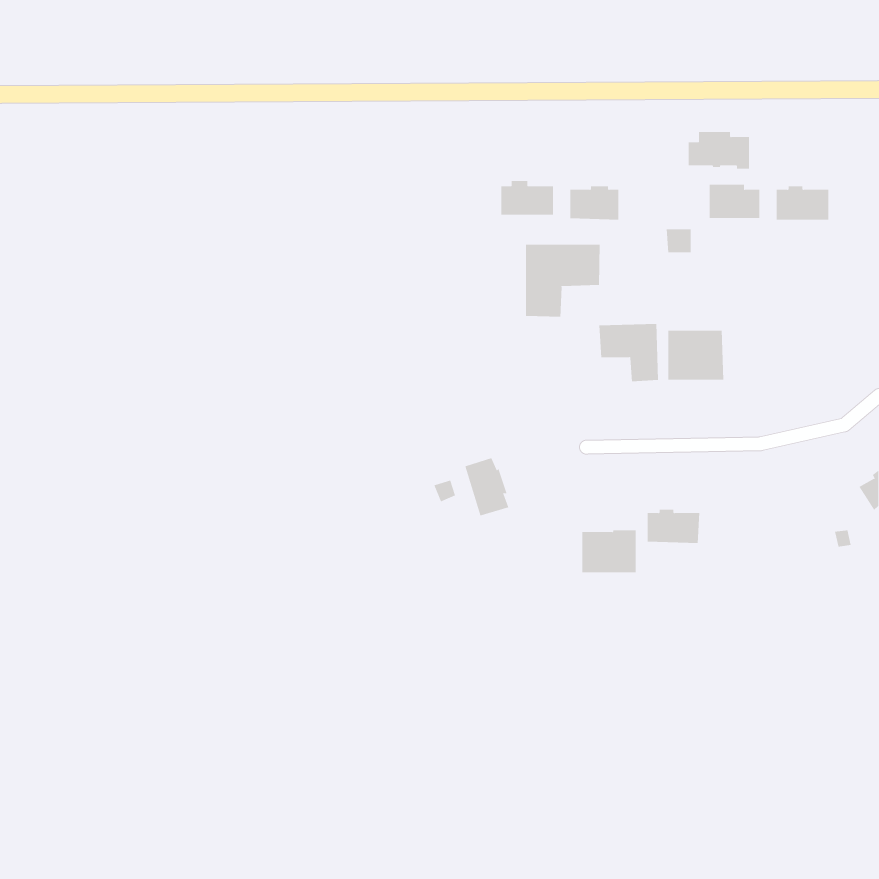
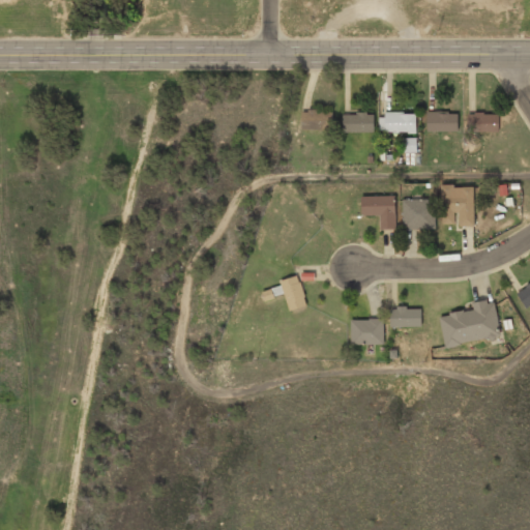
building: [688,131,750,169] -> [378,111,415,134]
building: [526,244,600,317] -> none
building: none -> [440,184,473,226]
building: none -> [438,299,500,349]

